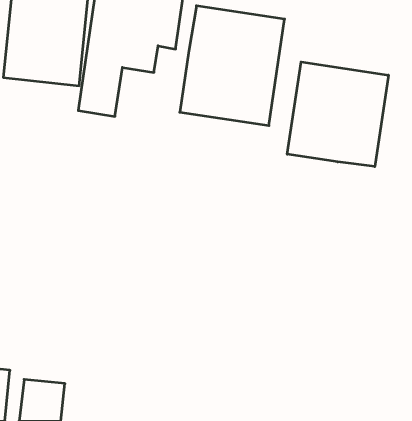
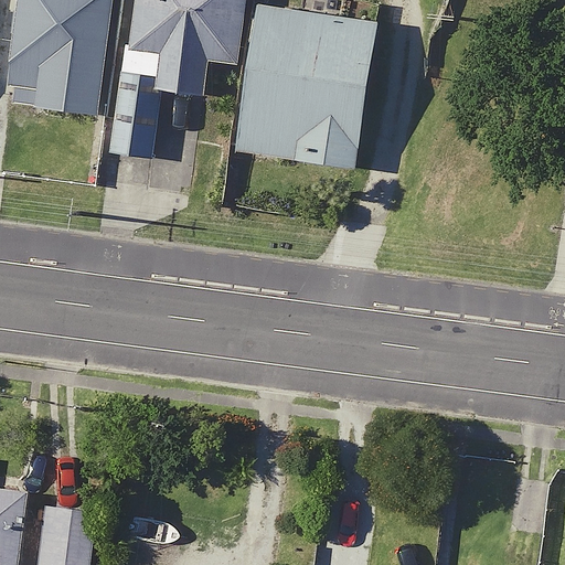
building: [287,62,388,167] -> none

